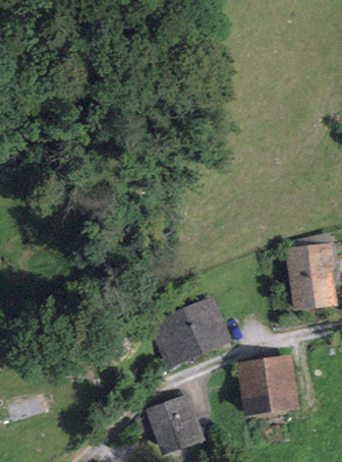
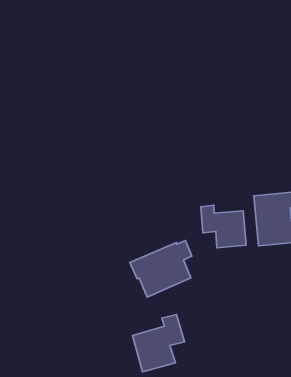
building: none -> [201,205,246,248]
building: [240,359,292,412] -> none

